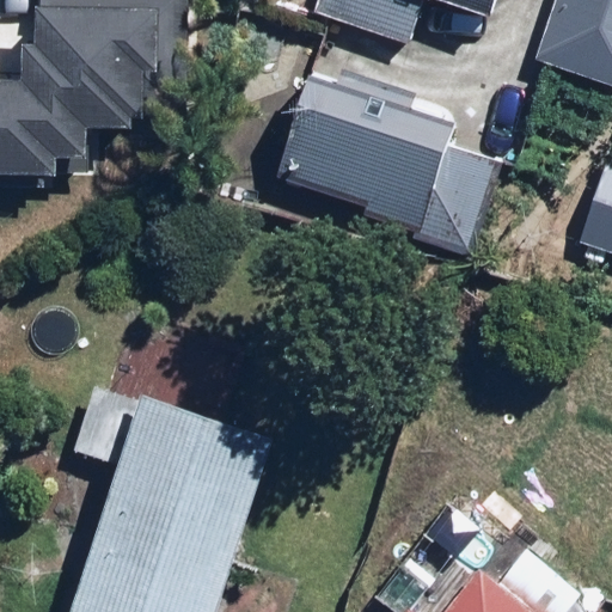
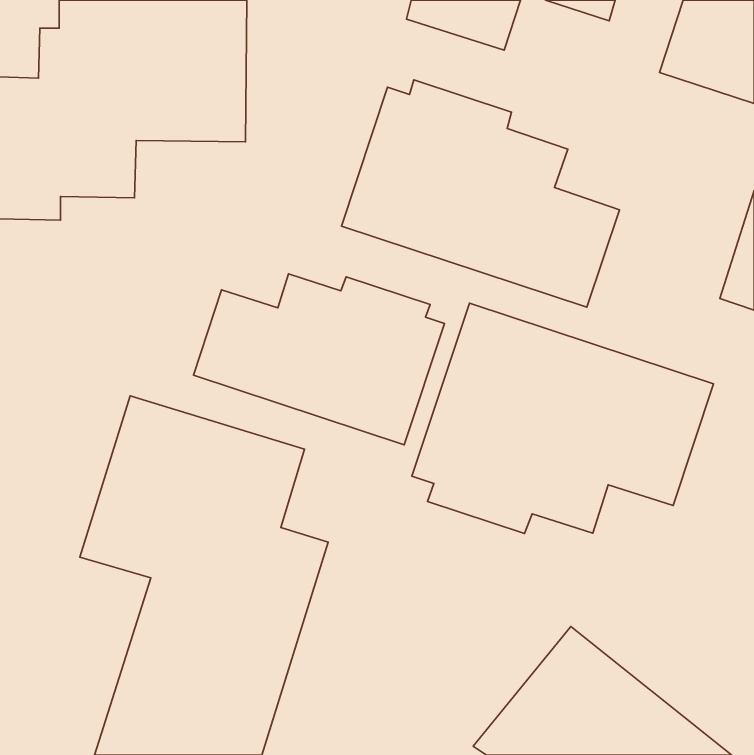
building: none -> [193,274,445,445]
building: none -> [412,303,713,533]

